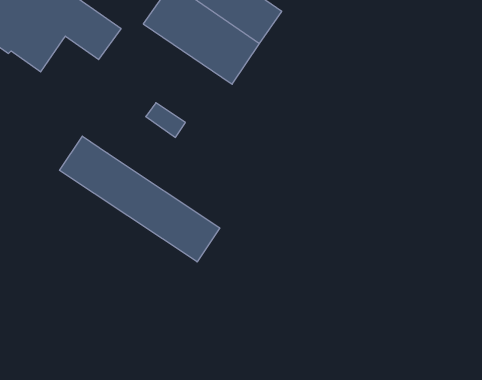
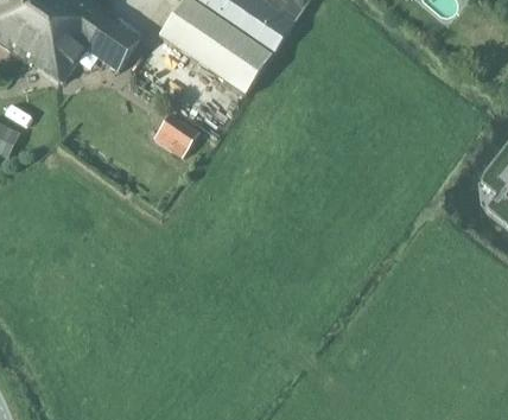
building: [60,136,220,262] -> none

